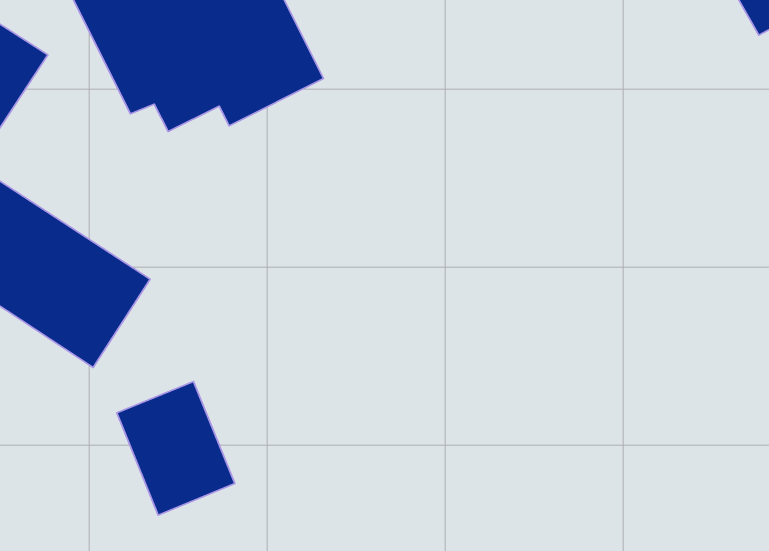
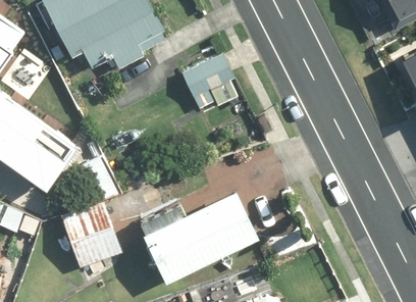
building: none -> [179,51,238,115]
building: none -> [135,193,256,281]

